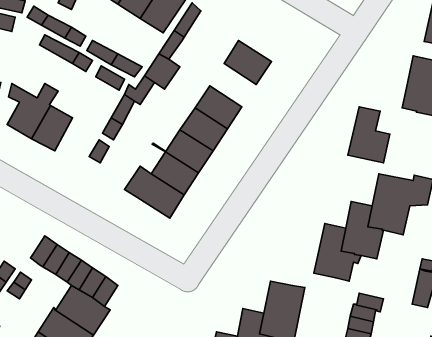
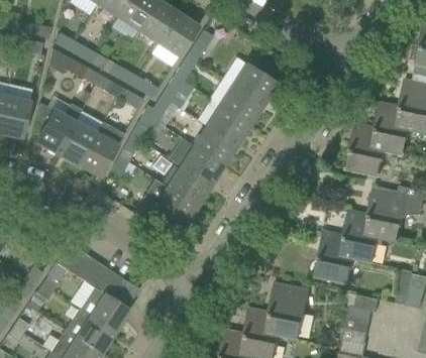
building: none -> [220,85,262,124]
building: none -> [371,103,409,153]
building: none -> [79,121,124,175]

